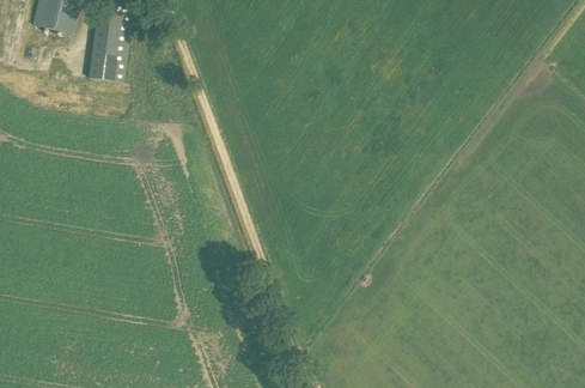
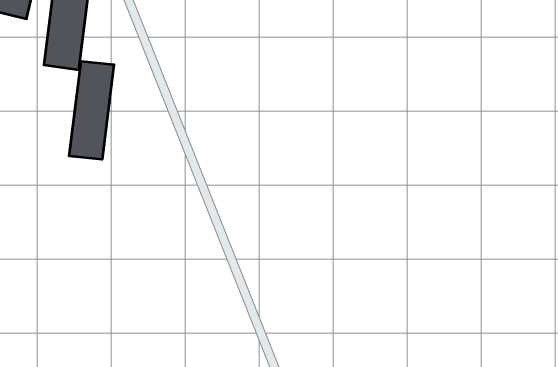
building: none -> [69,61,114,159]

